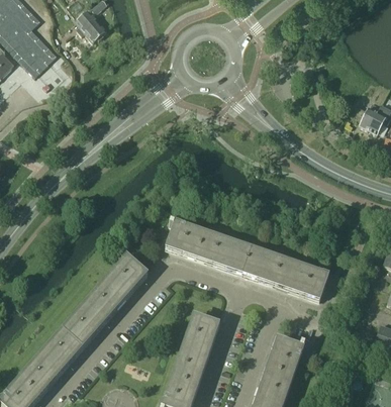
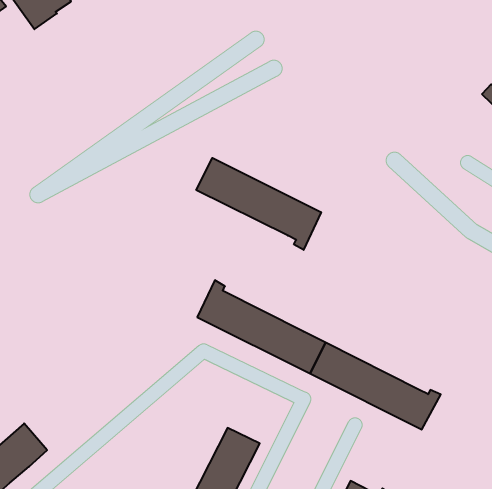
building: none -> [196,158,321,250]
building: [64,253,145,344] -> none

